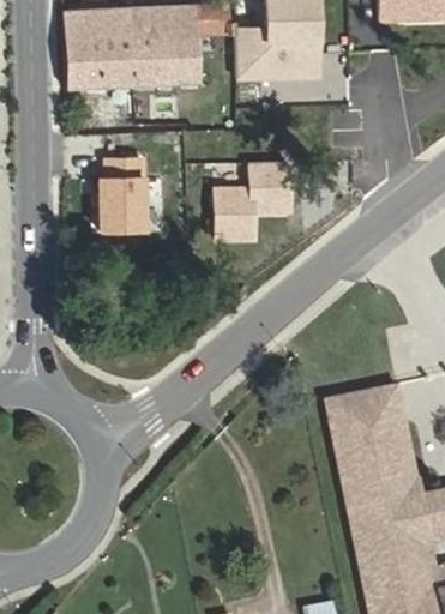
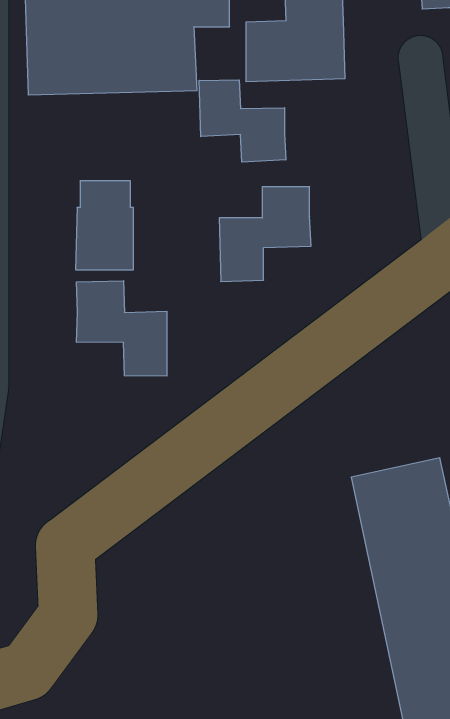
building: none -> [199,80,286,162]
building: none -> [77,281,167,376]

